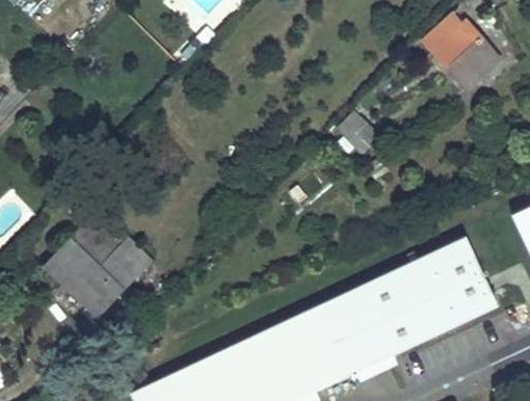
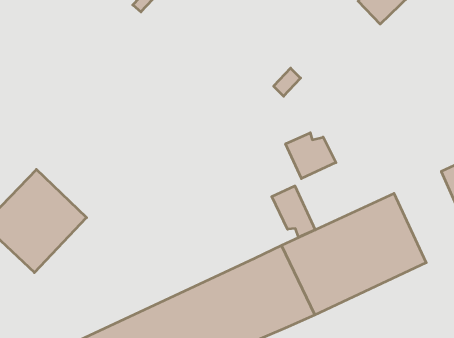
building: none -> [286,133,336,179]
building: none -> [272,186,315,237]

